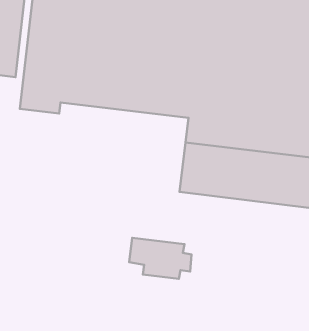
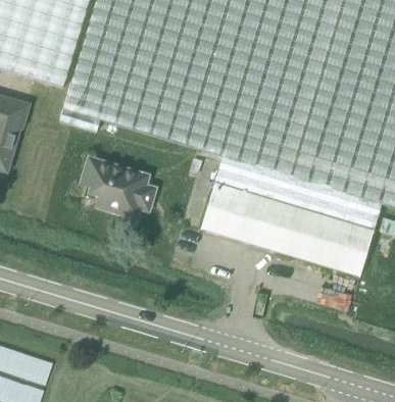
building: [129,238,191,279] -> [85,163,147,211]

